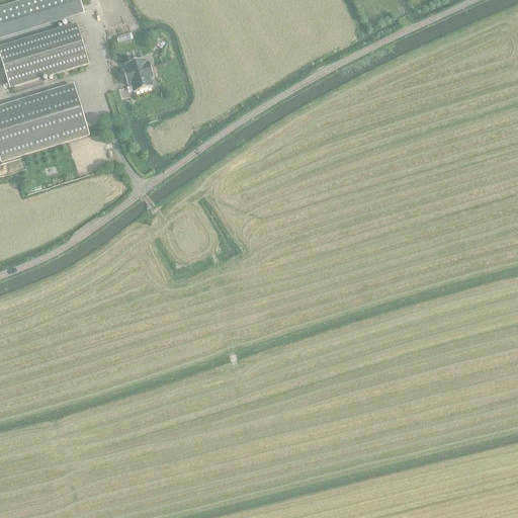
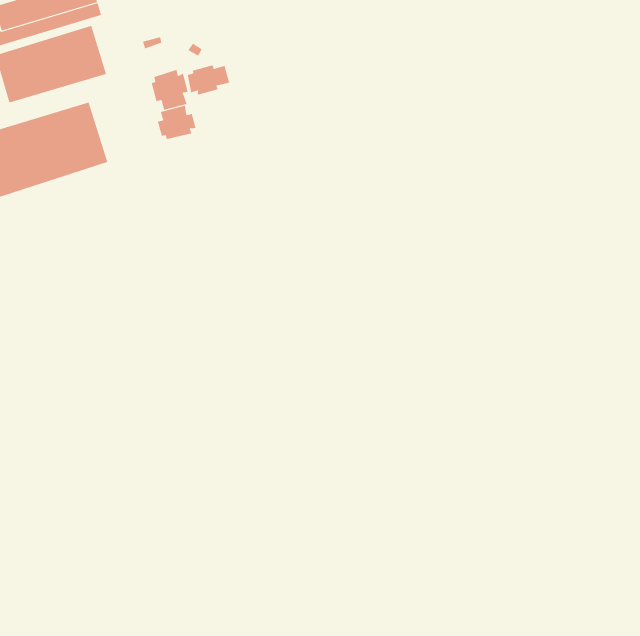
building: none -> [187,64,230,95]
building: none -> [157,105,196,140]

